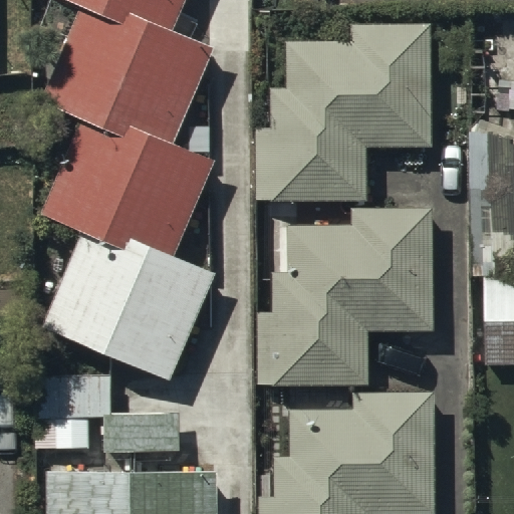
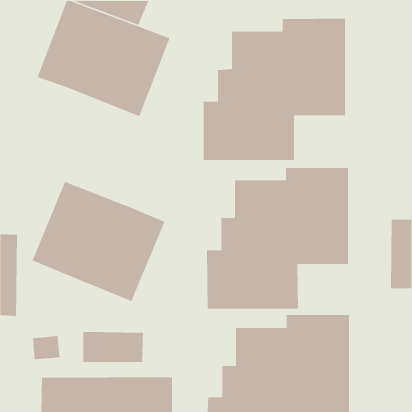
building: [42,110,210,261] -> none

